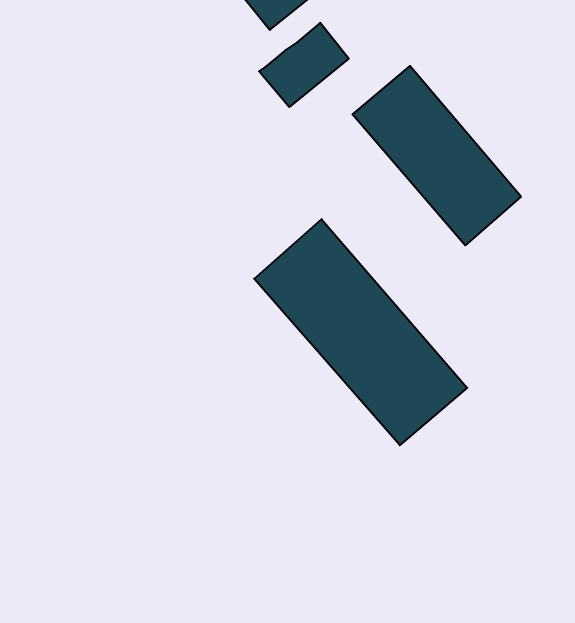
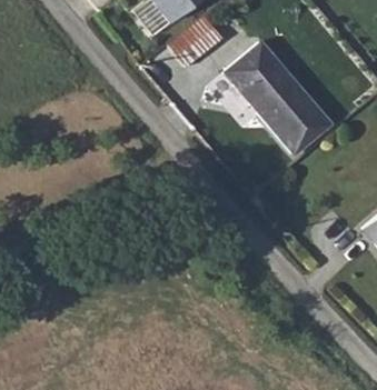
building: [254,219,467,445] -> none

